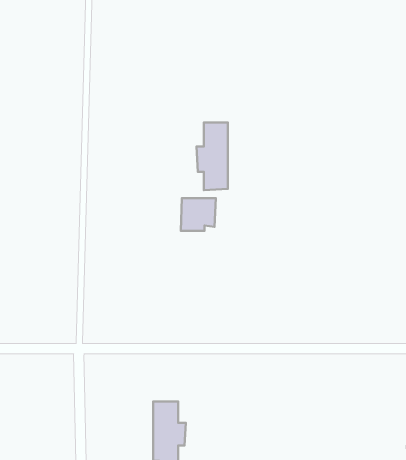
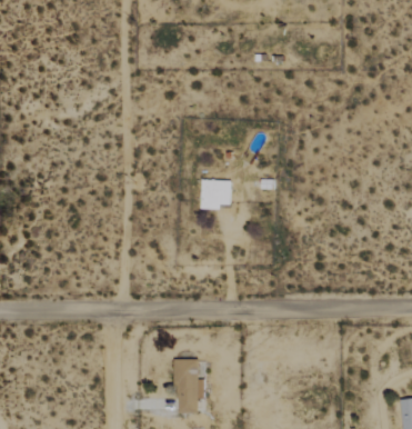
building: [197,123,228,190] -> none

